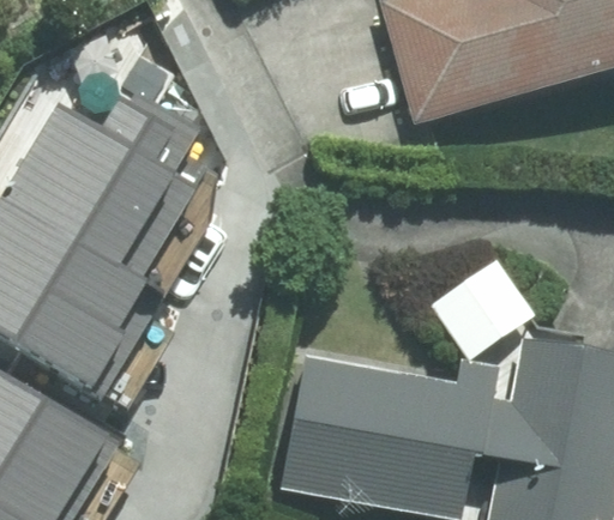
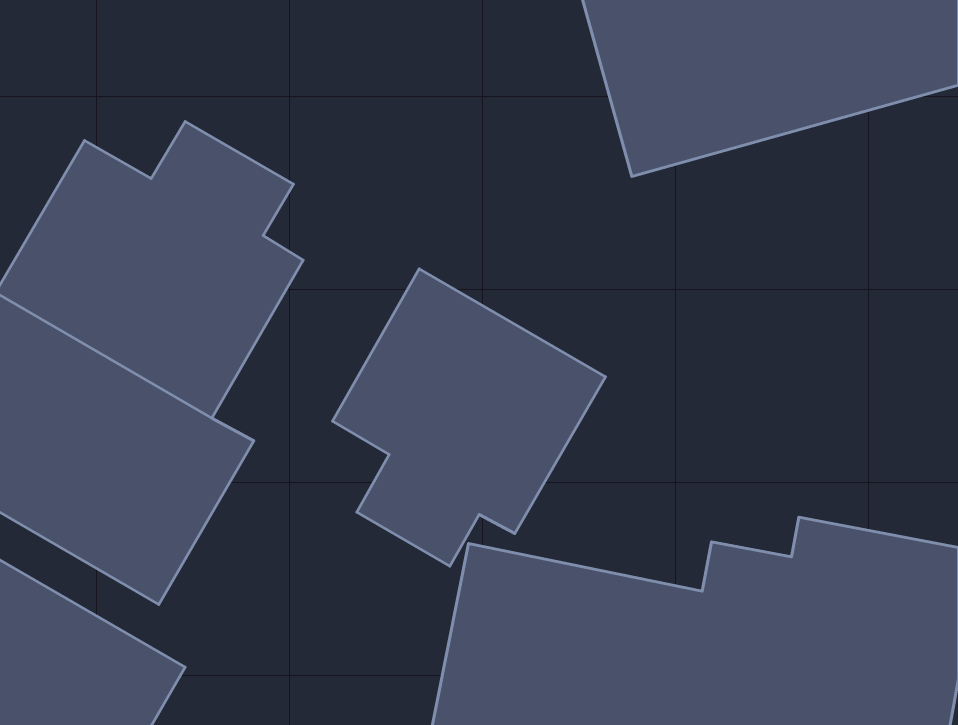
building: none -> [332,269,605,566]

